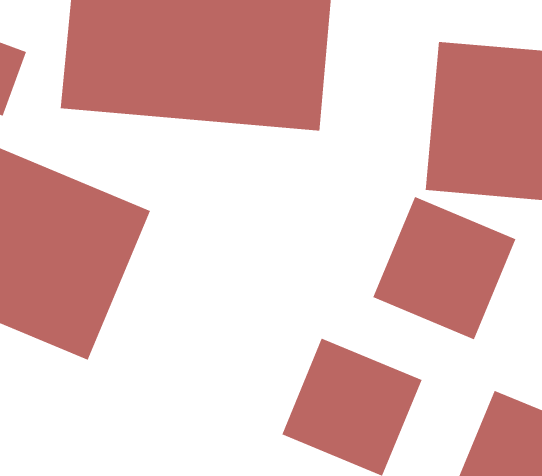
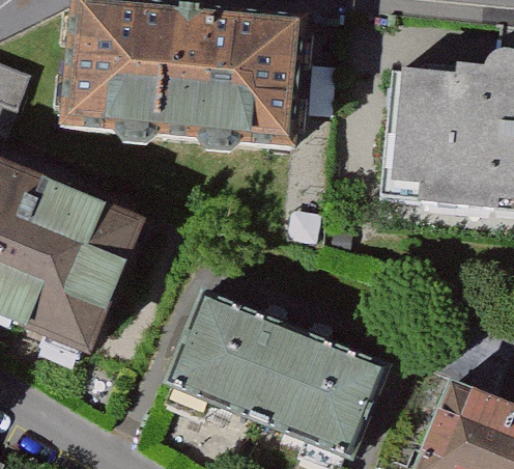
building: [373,196,516,340] -> none
building: none -> [169,296,297,421]

